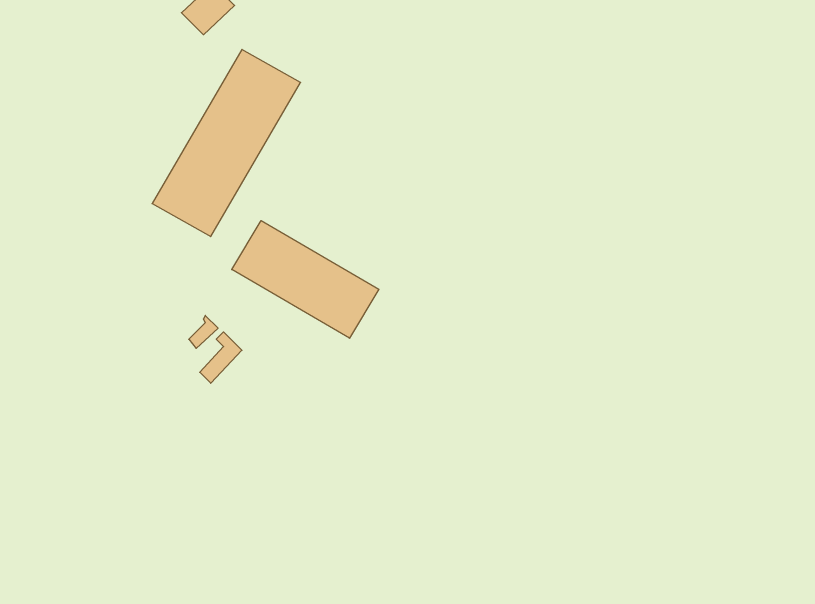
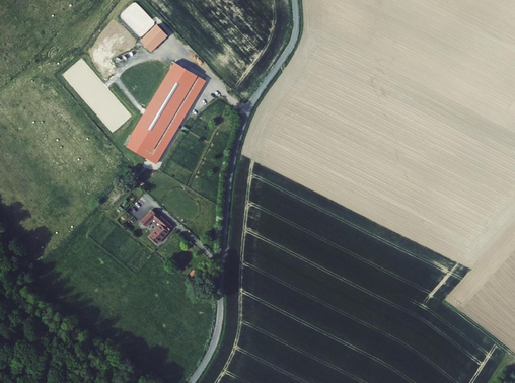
building: [232,221,379,338] -> none

